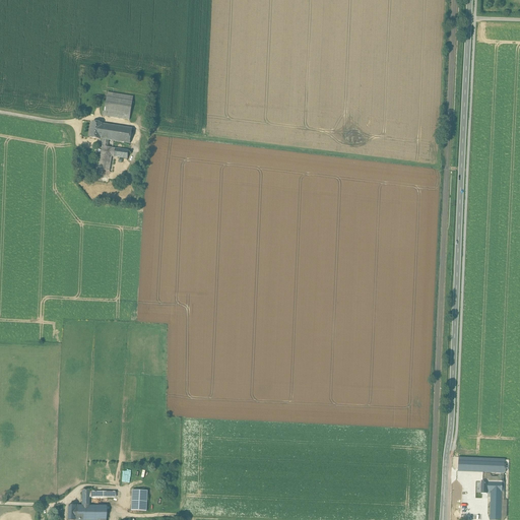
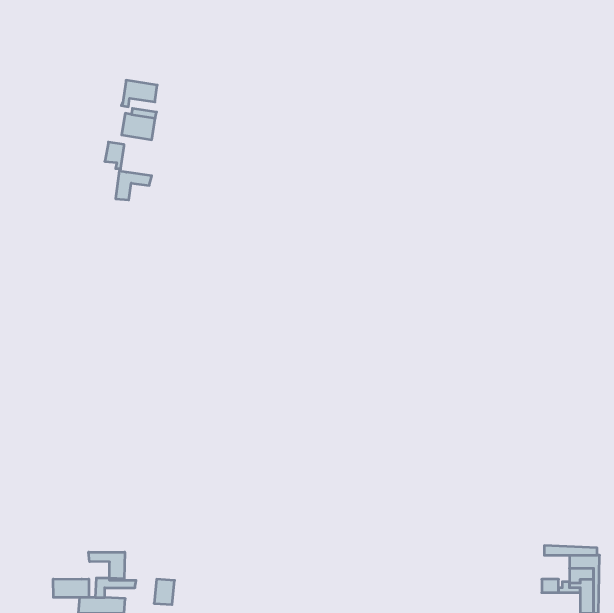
building: [101,123,131,145] -> [121,80,157,107]
building: none -> [89,552,125,579]
building: none -> [53,579,89,597]

